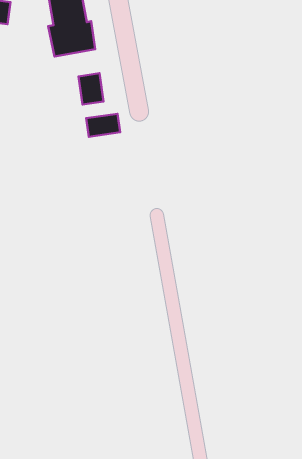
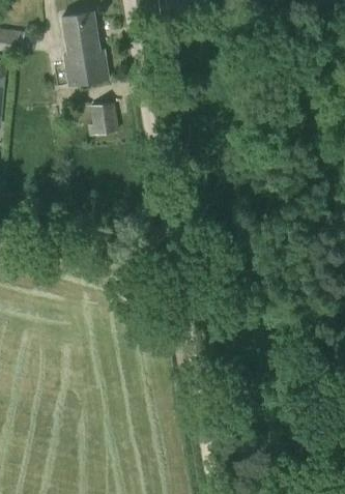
building: [86,114,120,137] -> none

